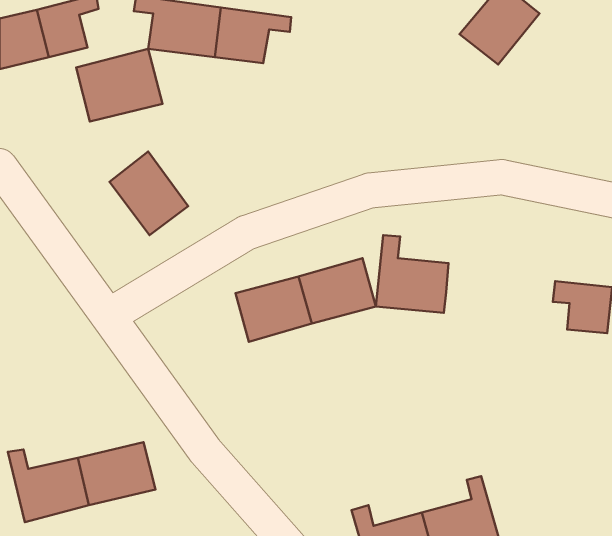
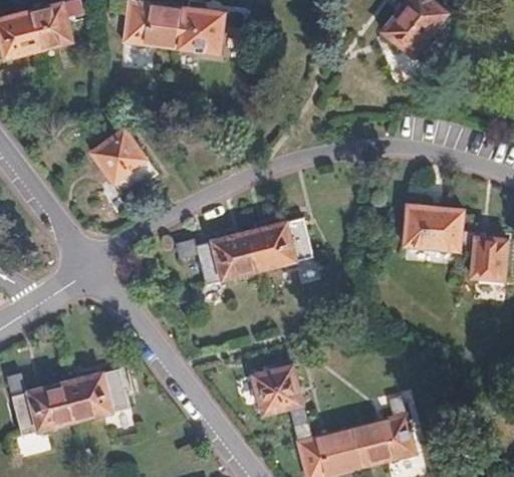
building: [76,49,162,122] -> none
building: [376,235,449,313] -> [403,188,463,252]
building: none -> [252,365,306,425]

